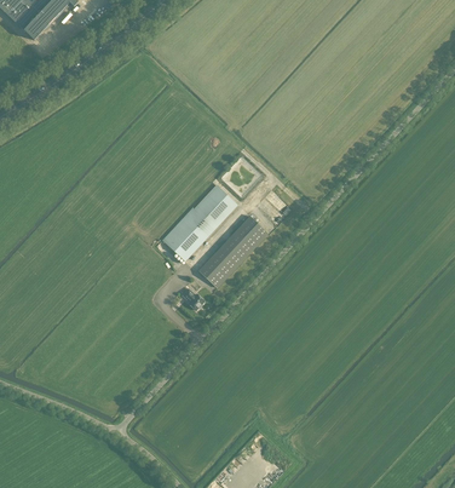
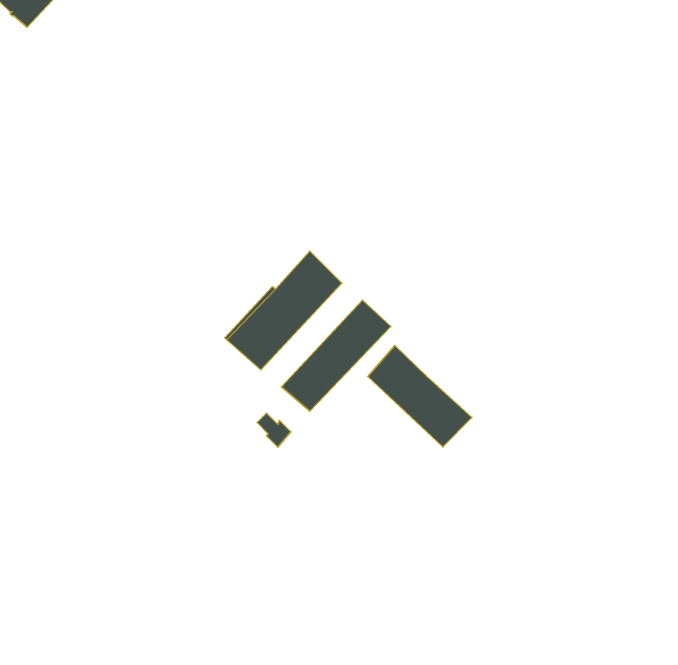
building: none -> [368,345,472,447]

